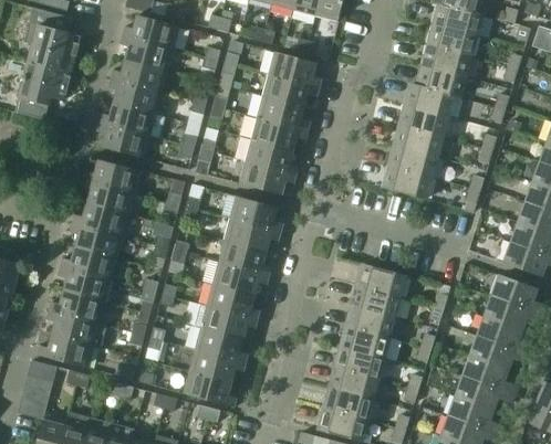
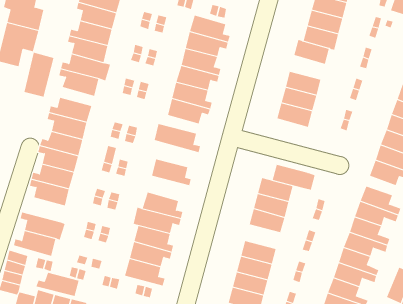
building: none -> [24,52,54,98]
building: [399,104,447,136] -> none
building: [223,218,281,251] -> none
building: [212,262,269,295] -> none
building: [48,290,105,323] -> [36,272,79,297]
building: [341,326,398,360] -> [272,164,316,190]

